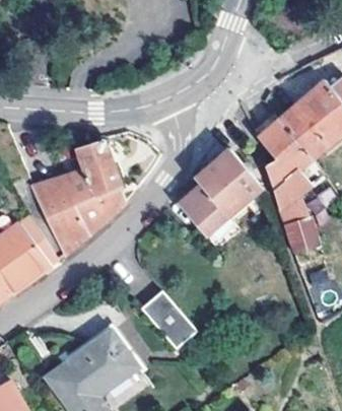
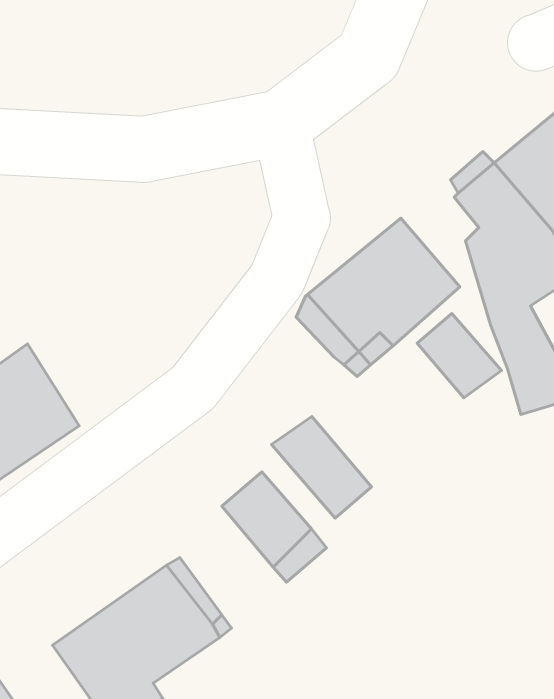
building: [30,135,126,256] -> none
building: none -> [417,314,501,398]
building: none -> [271,417,372,518]

